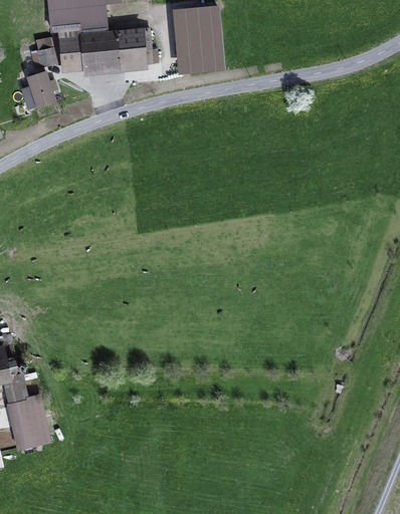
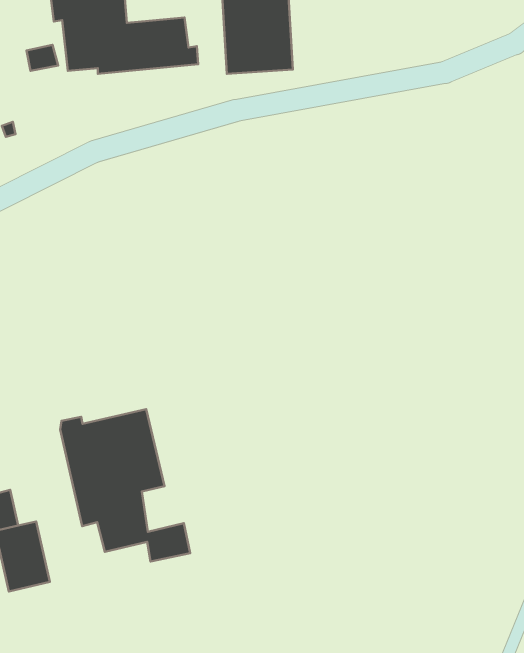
building: [24,71,56,108] -> none
building: none -> [60,409,190,562]

